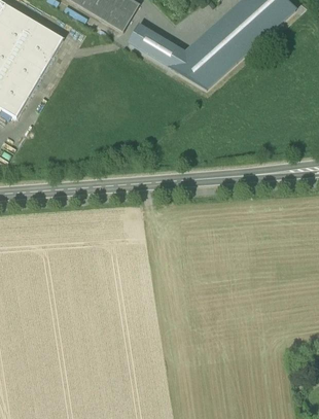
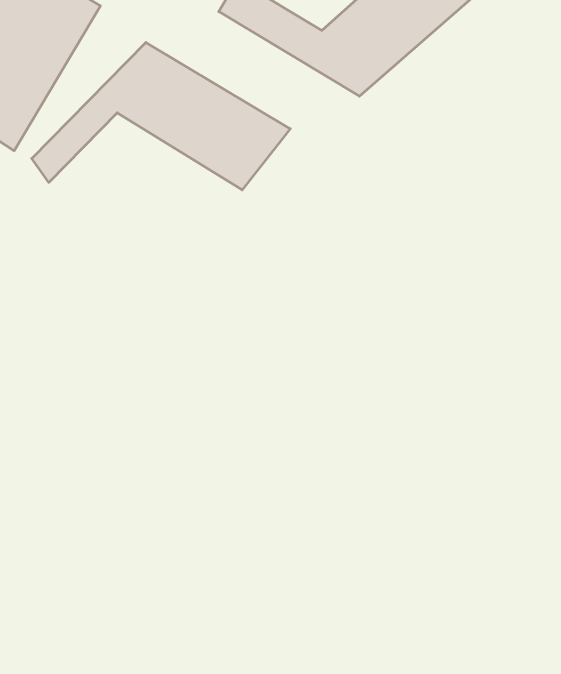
building: none -> [32,42,290,190]

